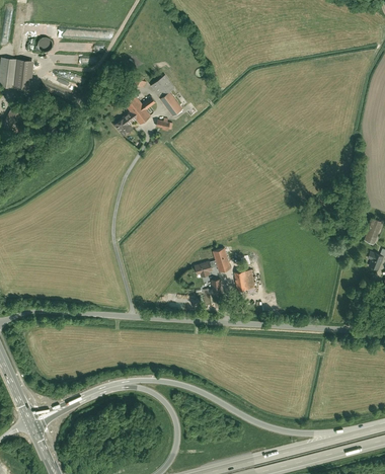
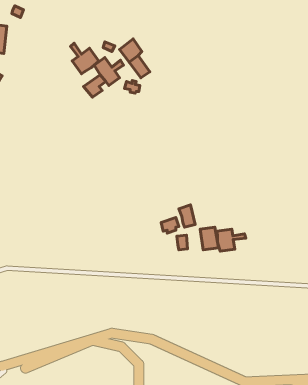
building: none -> [70,43,99,74]
building: none -> [217,229,246,251]

